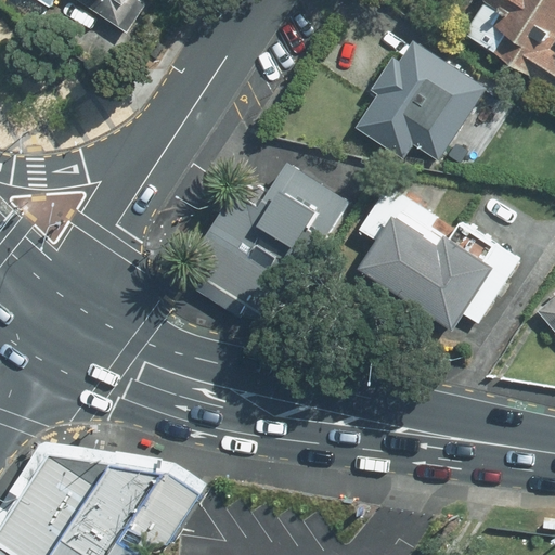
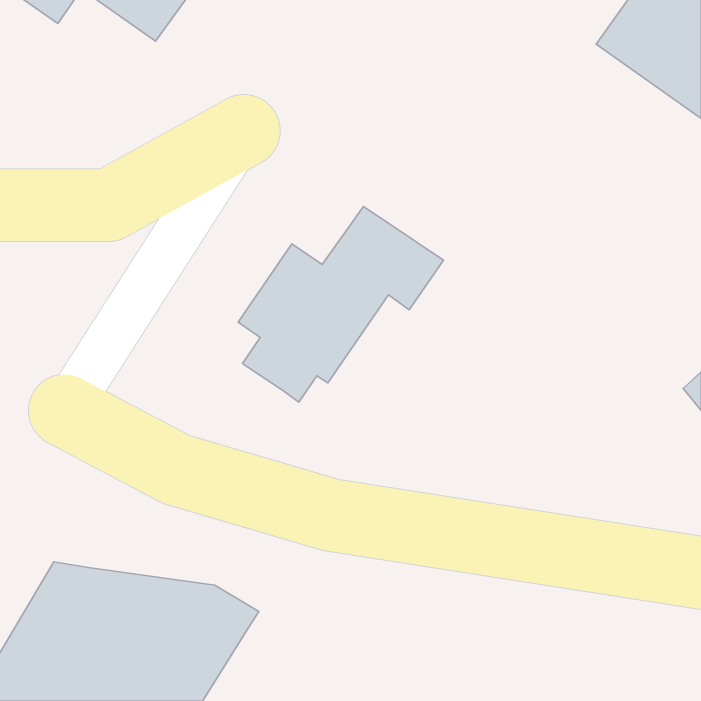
building: [346,33,490,158] -> none
building: [357,217,515,349] -> none

